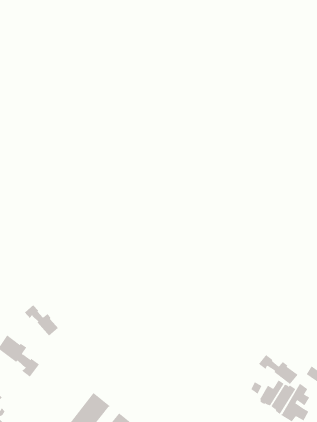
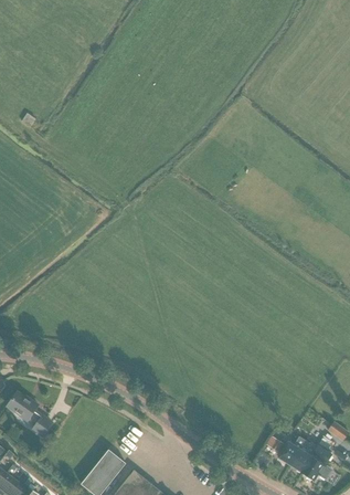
building: [24,304,59,336] -> none
building: [258,354,298,385] -> none

